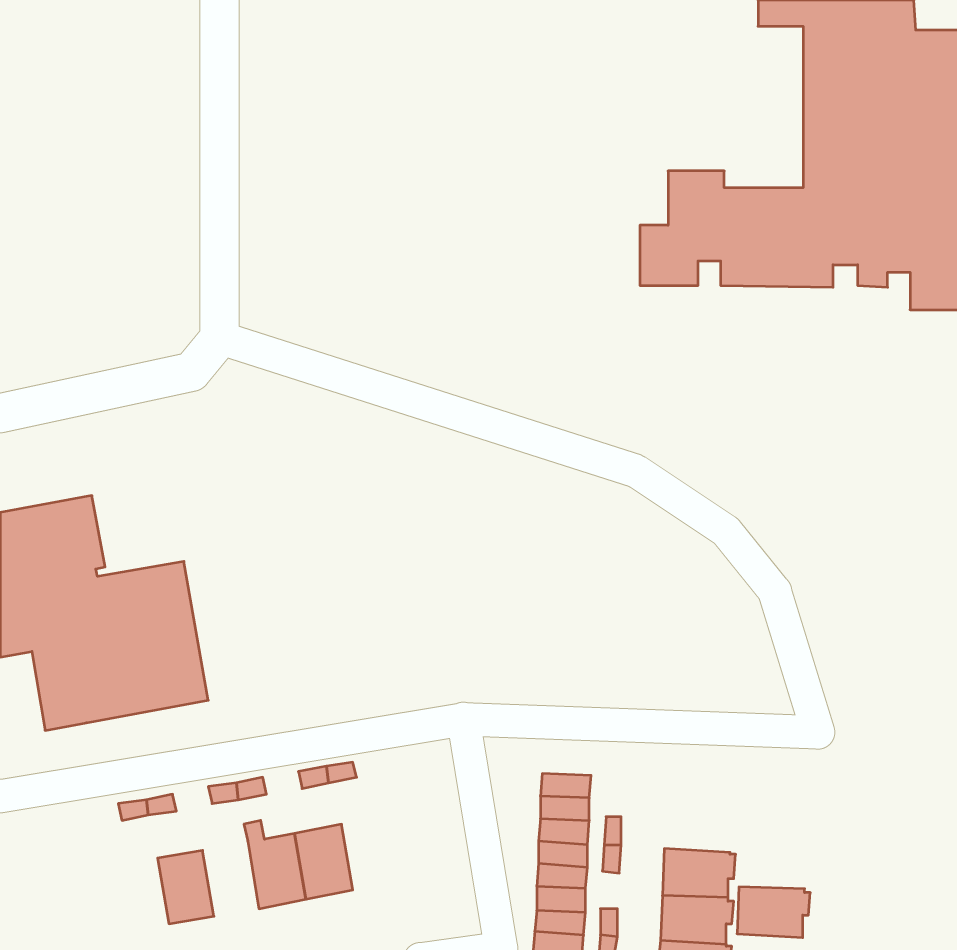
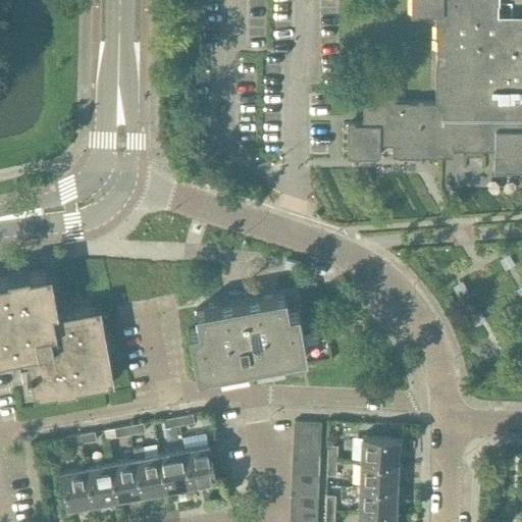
building: none -> [189,298,306,379]
building: none -> [187,449,216,488]
building: none -> [111,462,142,503]
building: none -> [61,471,93,512]
building: [737,887,810,938] -> [362,440,402,468]

